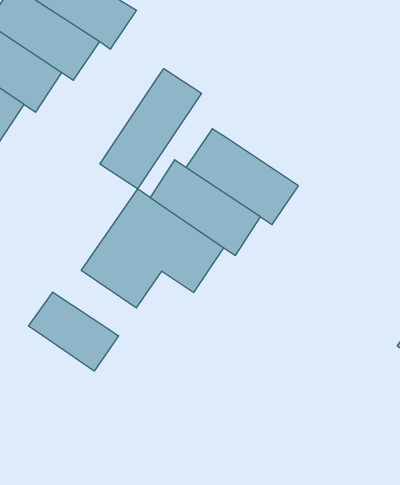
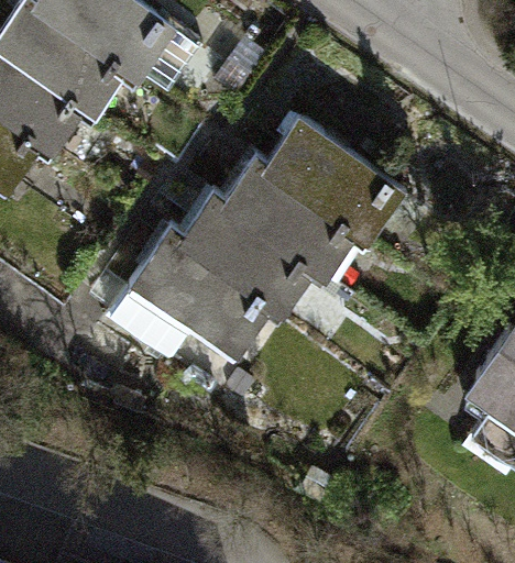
building: [100,69,202,189] -> none
building: none -> [270,120,397,230]
building: [29,292,119,371] -> none

